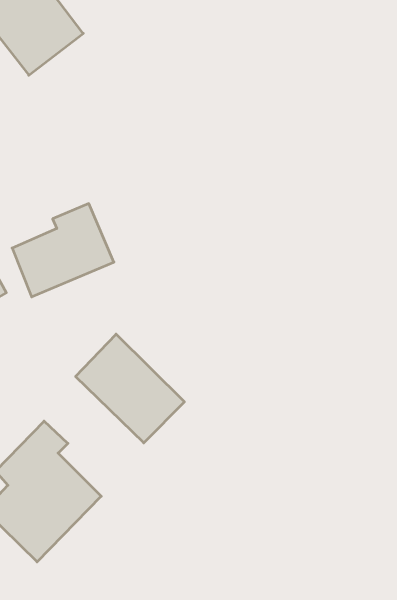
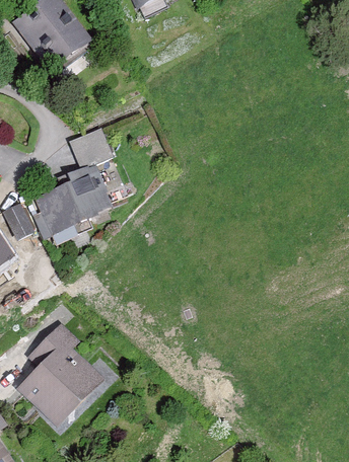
building: none -> [70,130,110,166]
building: [76,334,184,443] -> none

